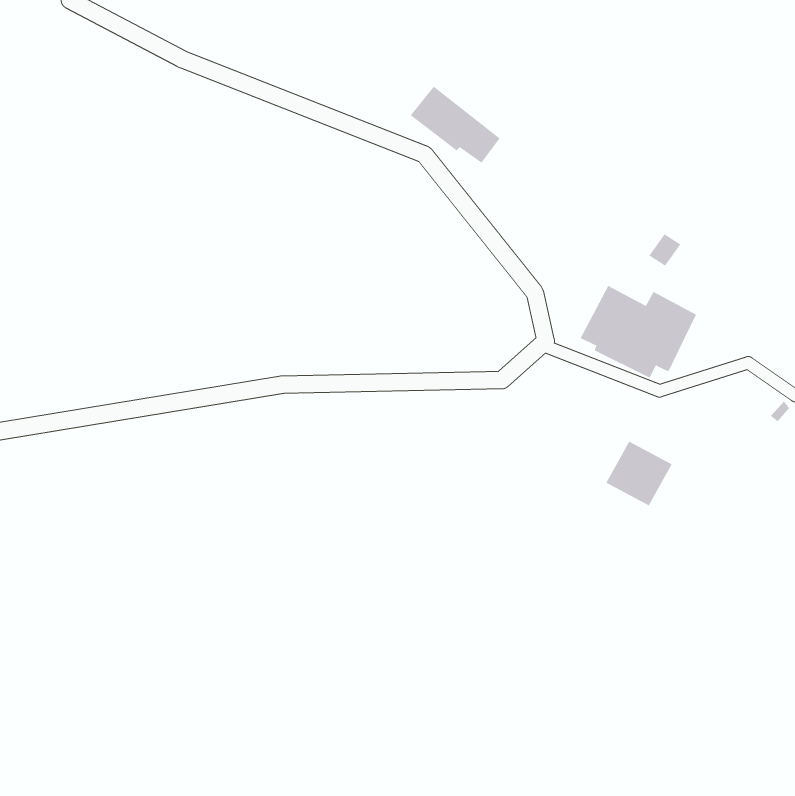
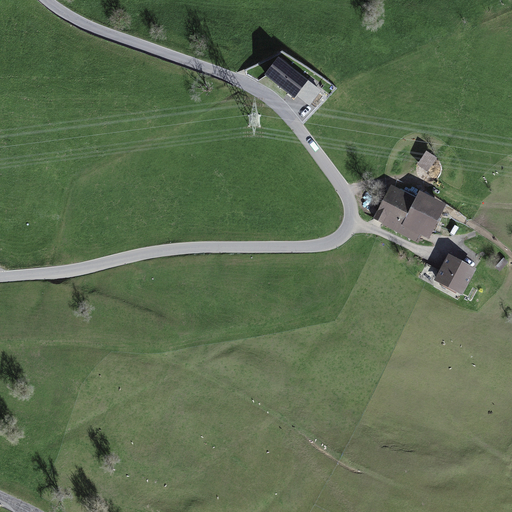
building: [606,441,673,506] -> [433,253,476,295]

